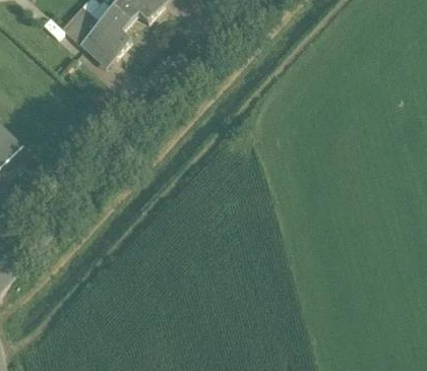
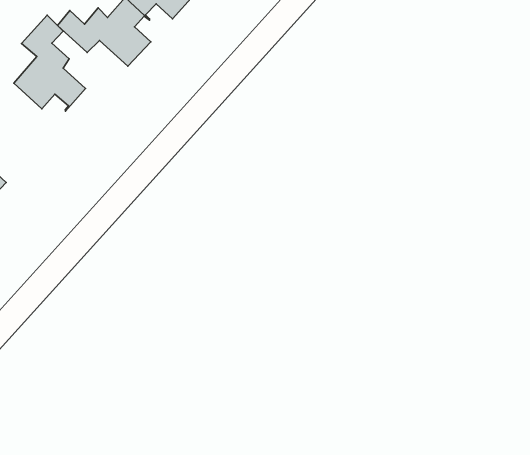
building: none -> [14,15,85,111]

